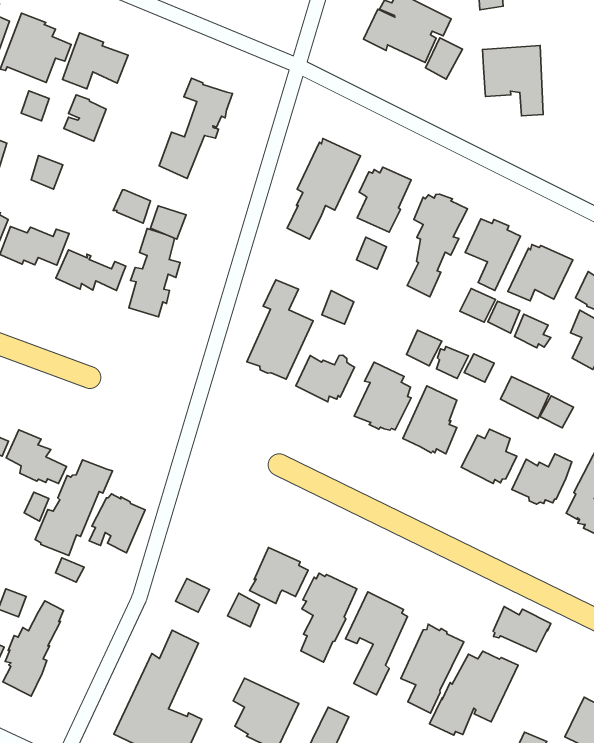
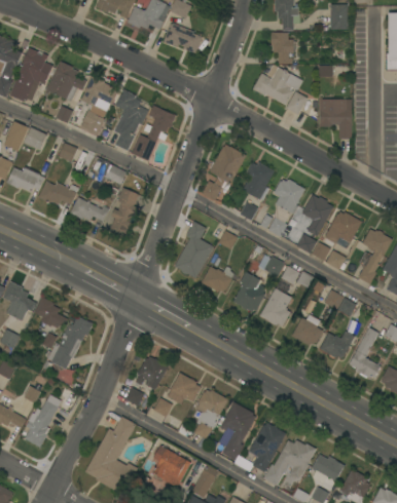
building: none -> [113,89,148,151]
building: [89,494,145,553] -> [135,356,168,390]
building: [493,607,551,652] -> [312,454,345,480]

